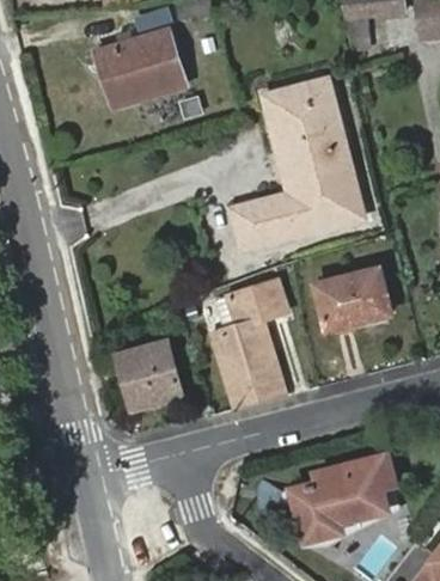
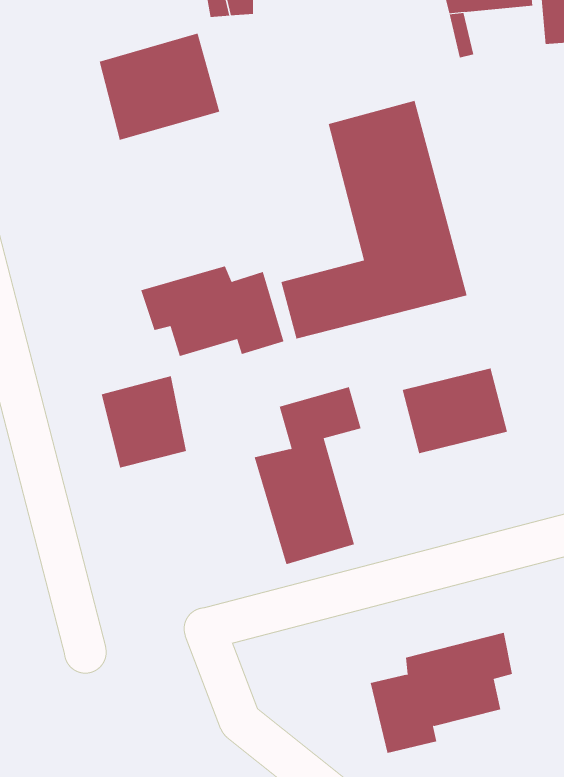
building: none -> [140,266,284,357]
building: [121,342,182,408] -> [101,375,187,468]

